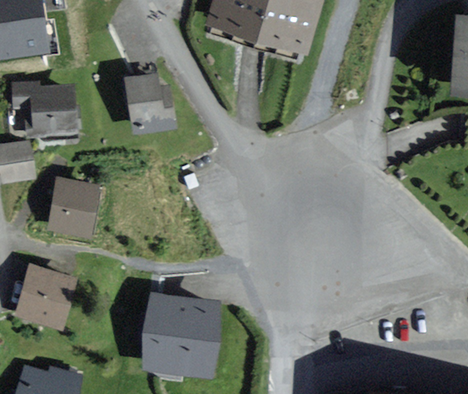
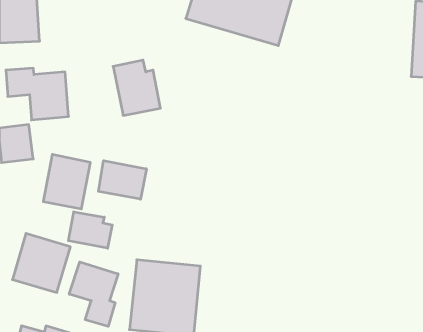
building: none -> [98,161,146,199]
building: none -> [68,212,112,248]
building: none -> [69,262,118,326]

